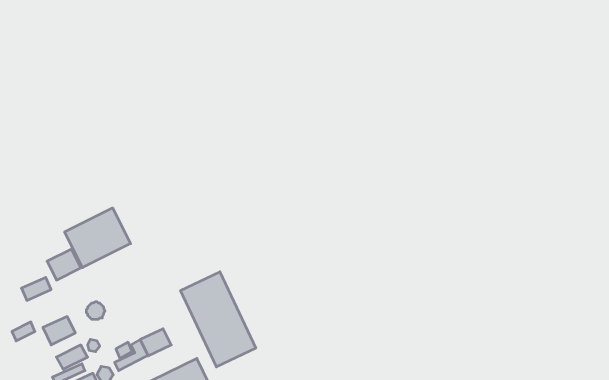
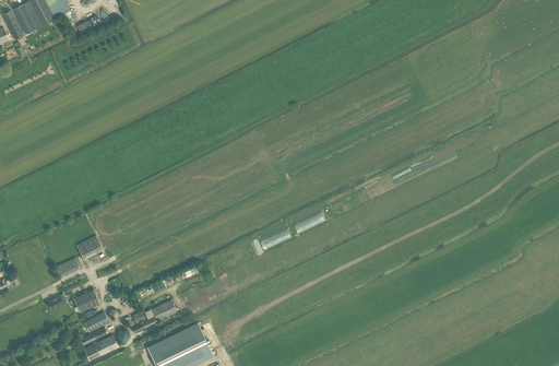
building: [65,208,131,268] -> none
building: [181,272,256,367] -> none

